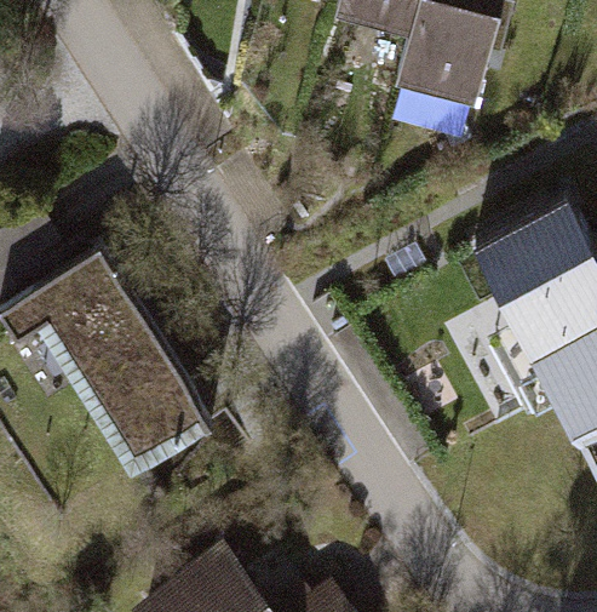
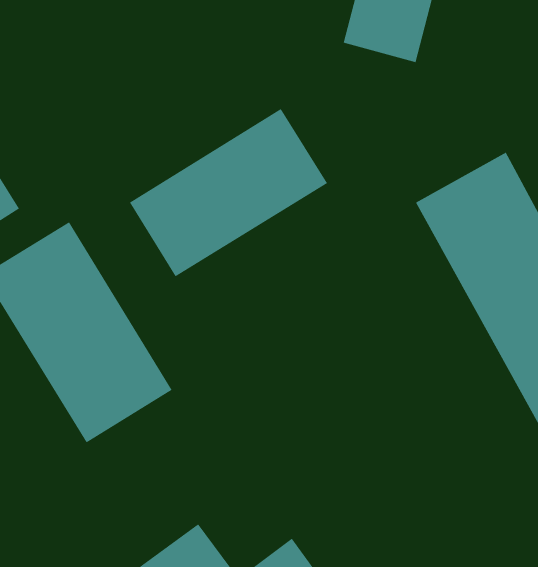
building: none -> [129,108,328,277]

